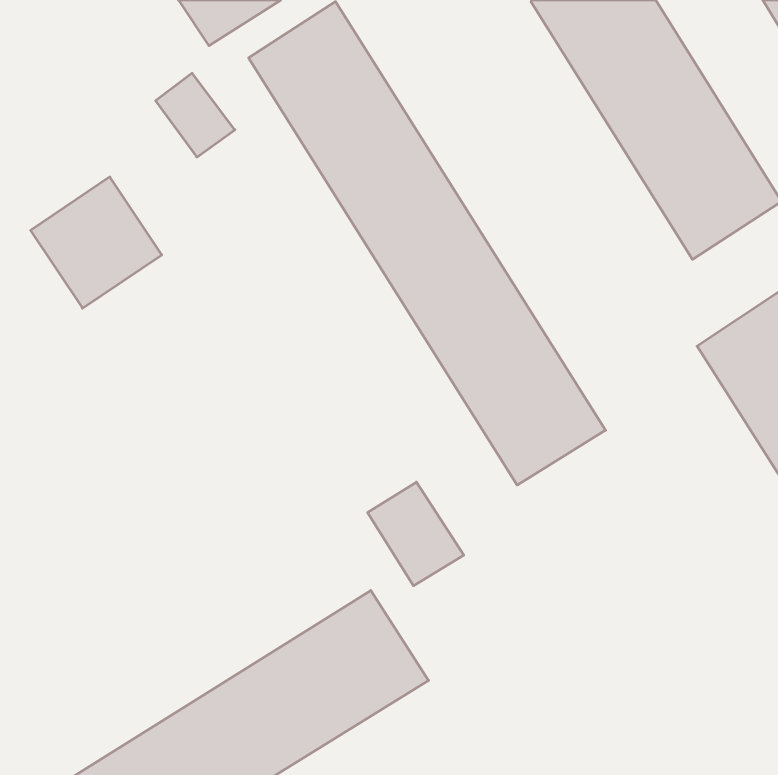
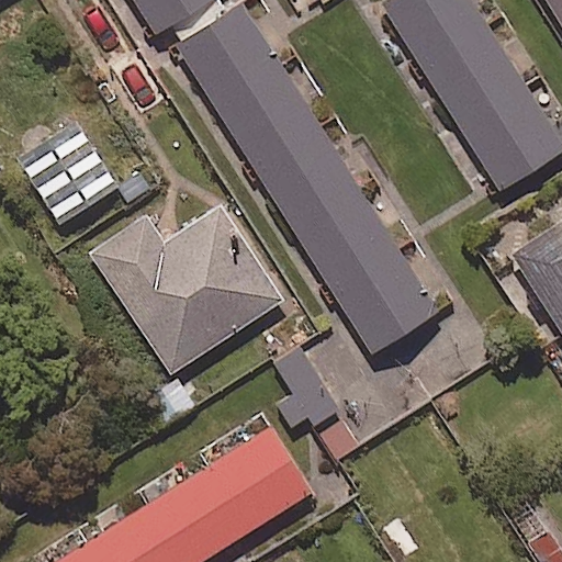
building: none -> [88,206,283,376]

